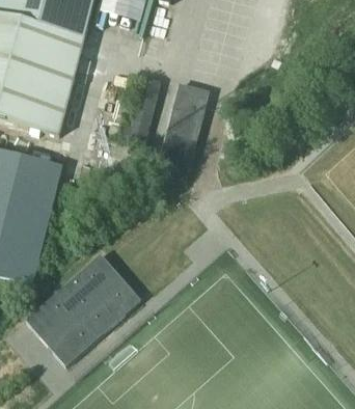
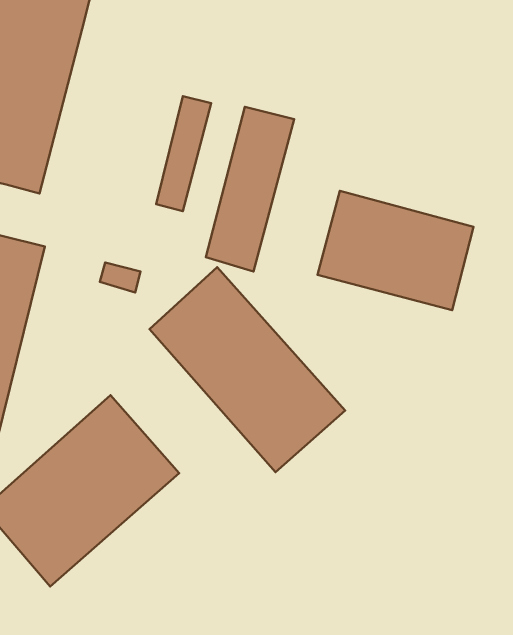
building: none -> [318,191,473,310]
building: none -> [149,267,345,472]

